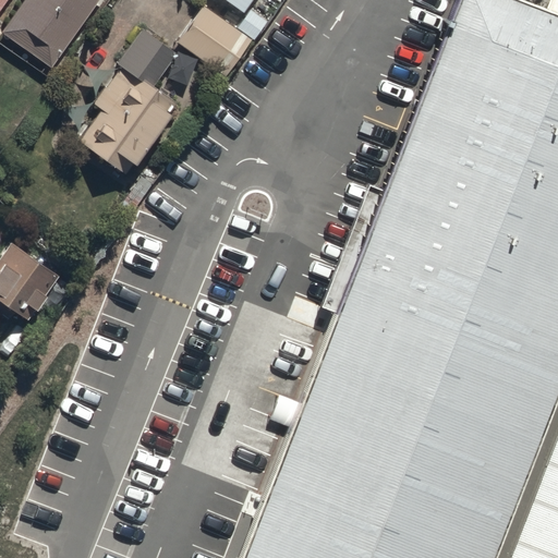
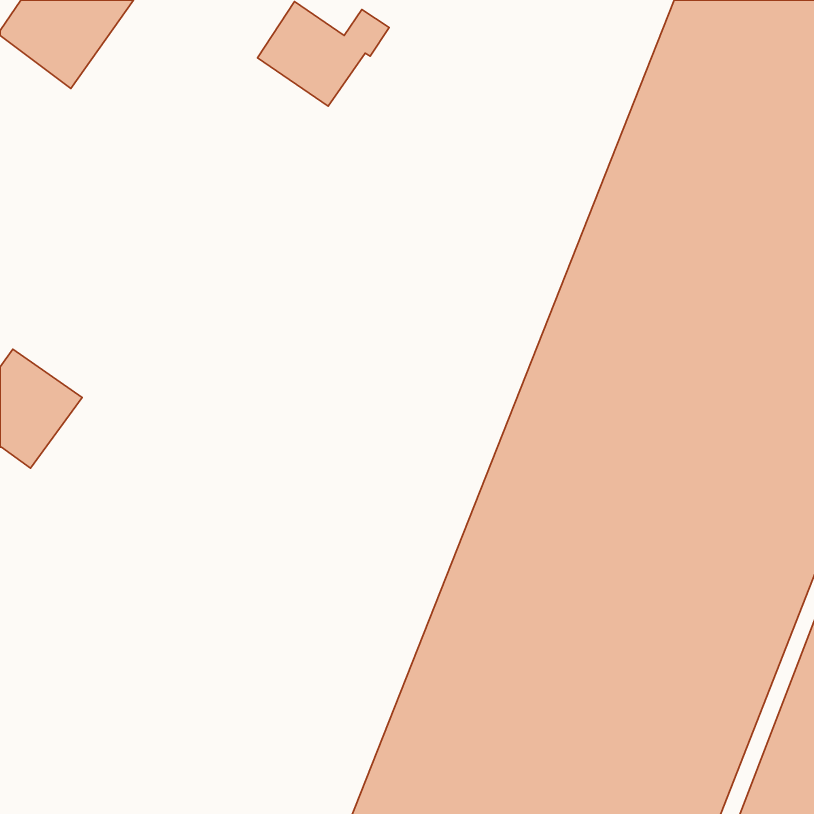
building: [81,25,182,177] -> none

